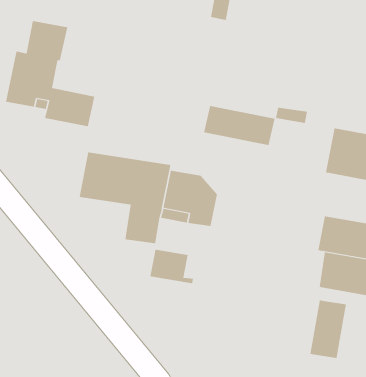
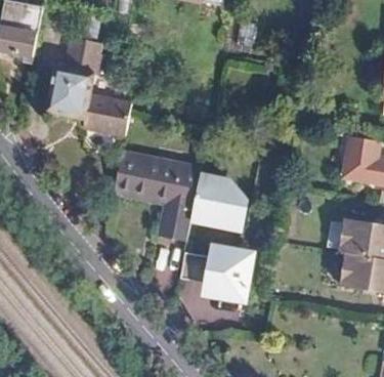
building: [203,105,275,146] -> none
building: none -> [212,244,255,300]
building: [310,300,346,359] -> none

